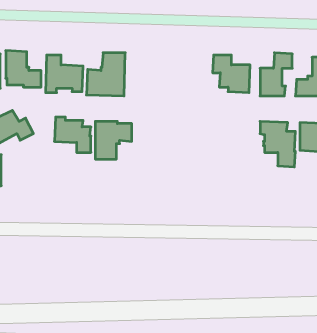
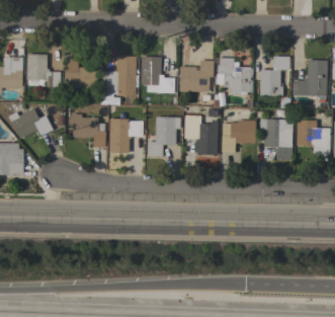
building: none -> [141,57,175,93]
building: none -> [179,60,214,91]
building: none -> [184,115,218,155]
building: none -> [147,116,180,157]
building: none -> [222,120,255,152]

